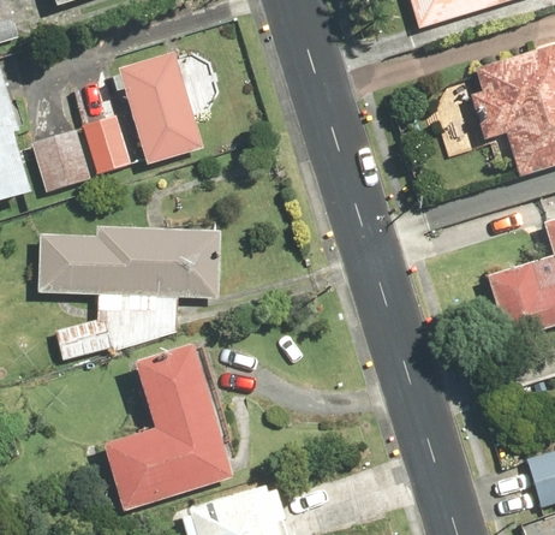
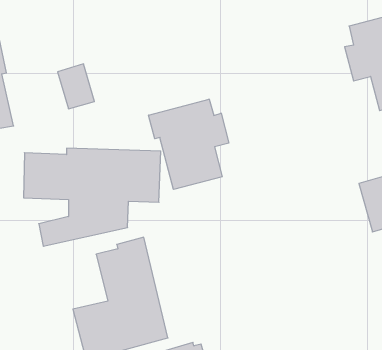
building: [121,53,216,164] -> none
building: [31,129,91,192] -> none
building: none -> [149,99,229,189]

